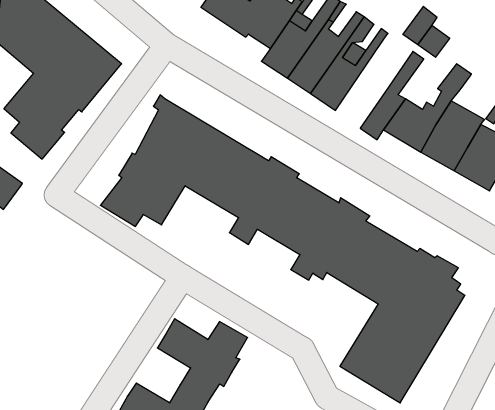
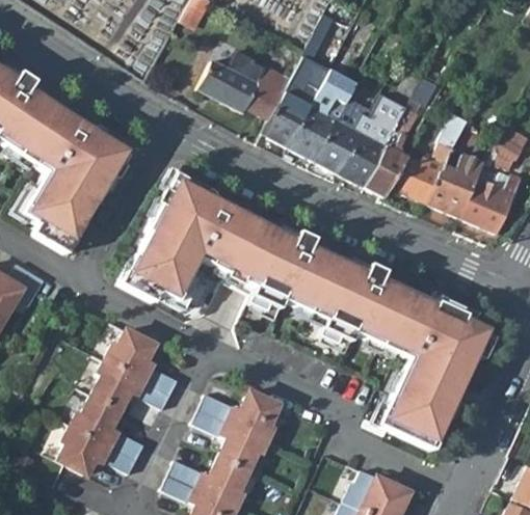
building: none -> [342,92,393,187]
building: none -> [57,332,180,477]

